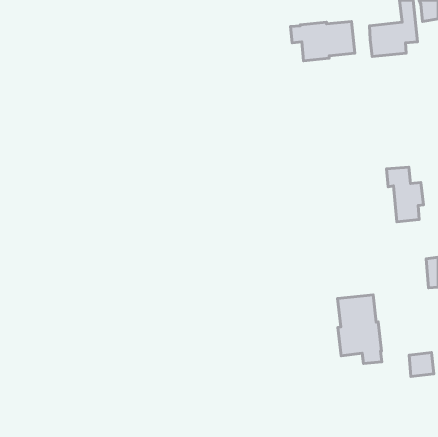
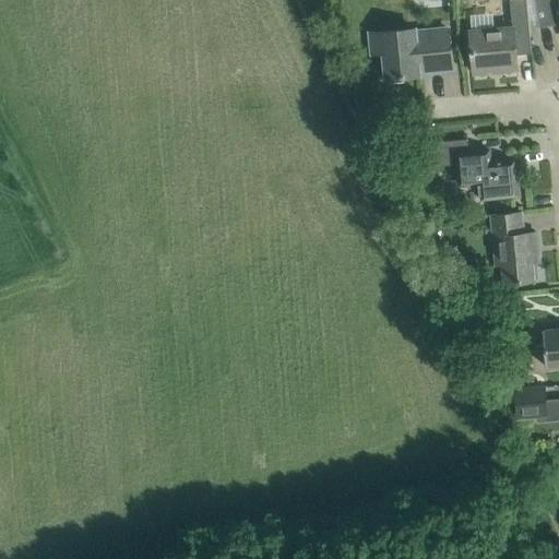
building: none -> [430,140,520,200]
building: [338,295,382,364] -> none
building: [409,352,434,376] -> [515,388,547,418]

